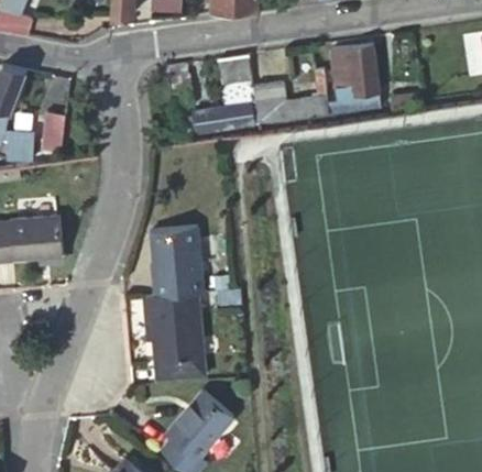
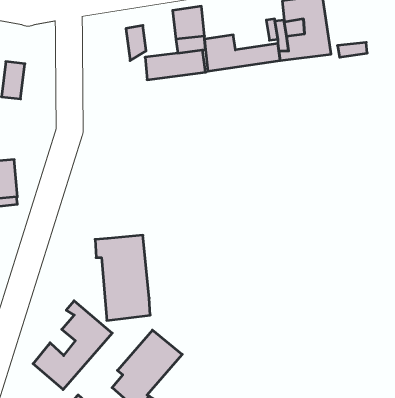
building: [149,224,201,295] -> none
building: none -> [33,301,112,390]

